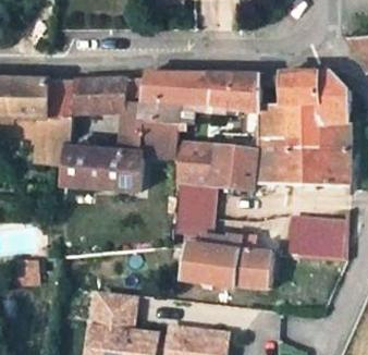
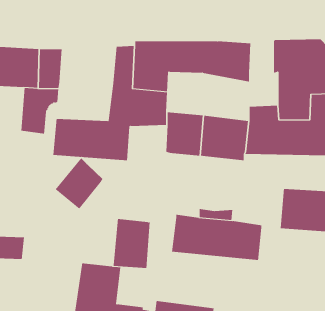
building: [74,77,128,113] -> none
building: [259,102,287,136] -> none
building: [176,182,213,231] -> [113,219,150,269]
building: none -> [55,157,103,210]

